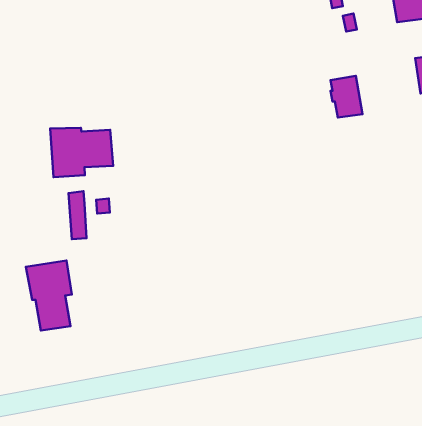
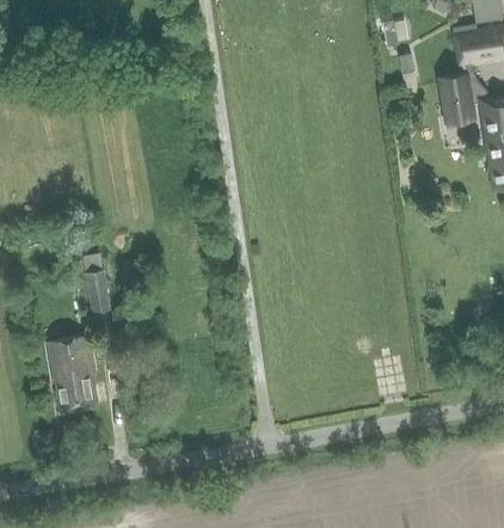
building: [330,76,362,117] -> [440,76,475,123]
building: [50,128,113,177] -> none

